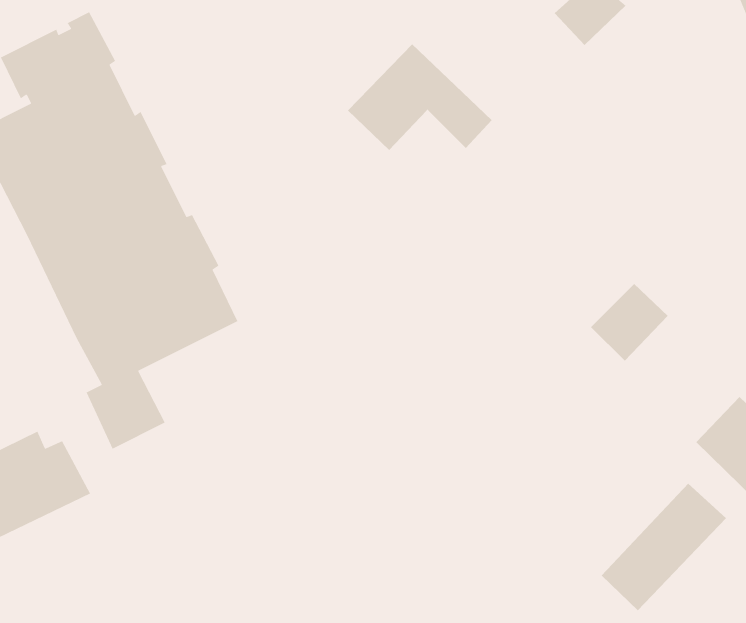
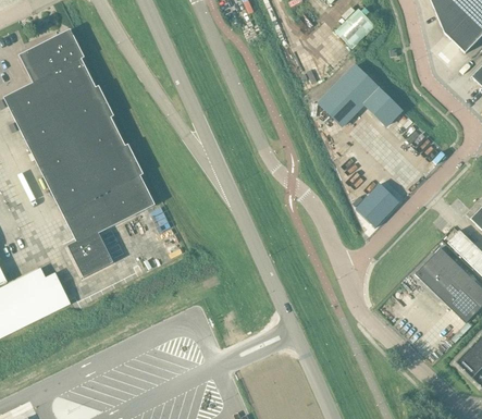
building: [347,44,492,151] -> [318,65,400,126]
building: [601,483,727,611] -> none

